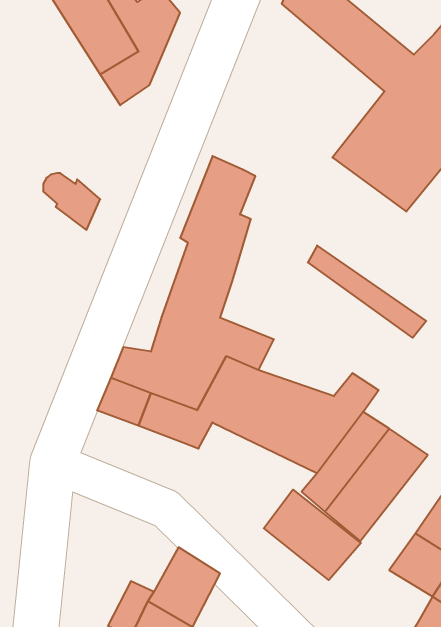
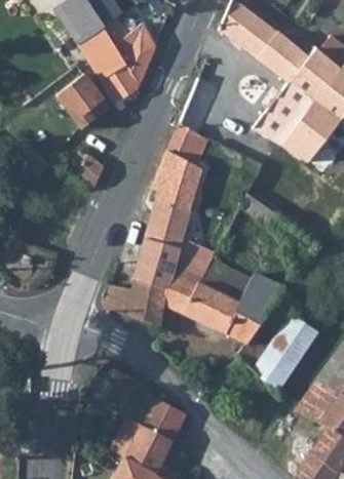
building: none -> [54,67,106,120]
building: none -> [178,81,220,141]
building: [264,490,361,580] -> none

